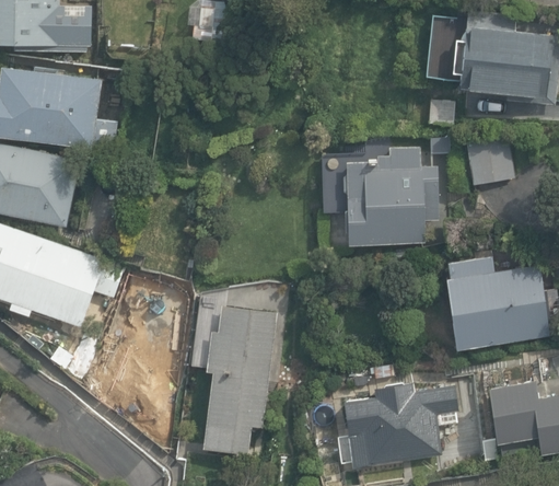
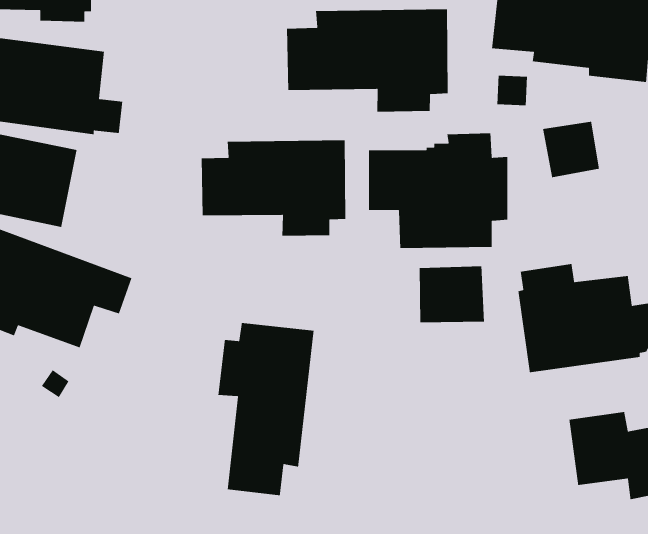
building: none -> [286,9,448,112]
building: none -> [201,140,346,237]
building: none -> [419,266,485,323]
building: [336,383,459,468] -> none

